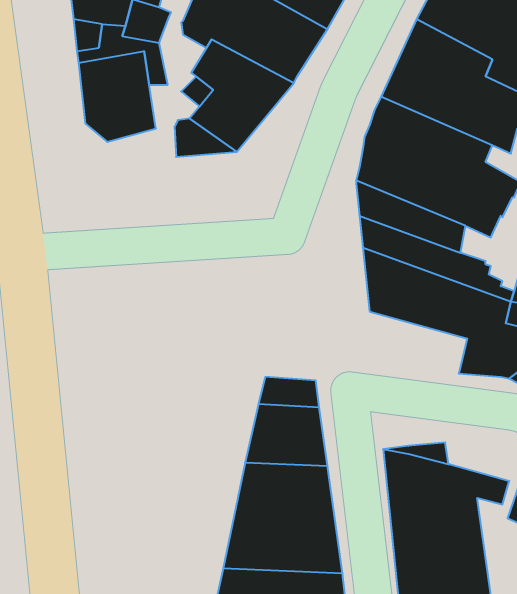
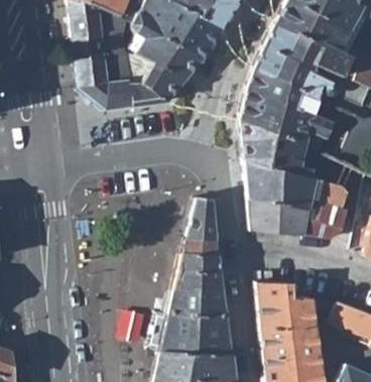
building: none -> [91,62,132,109]
building: none -> [186,198,216,240]
building: none -> [248,199,306,236]

